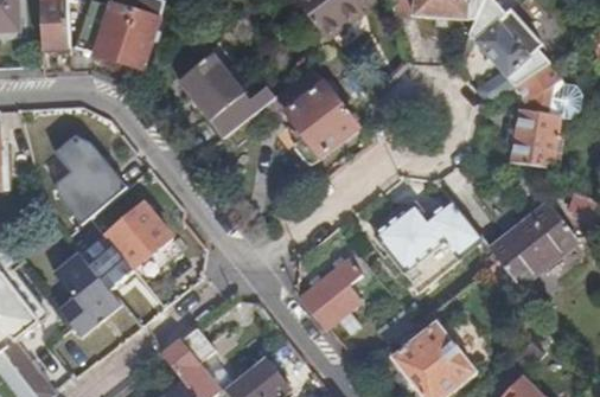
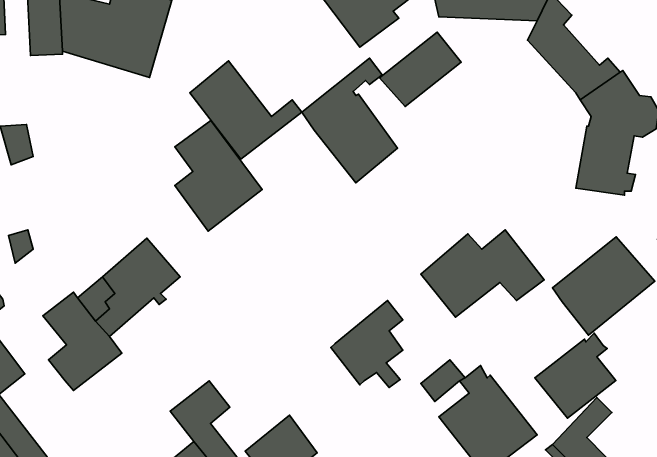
building: none -> [379,32,461,106]
building: [56,130,130,225] -> [175,120,262,231]
building: none -> [535,333,616,418]

